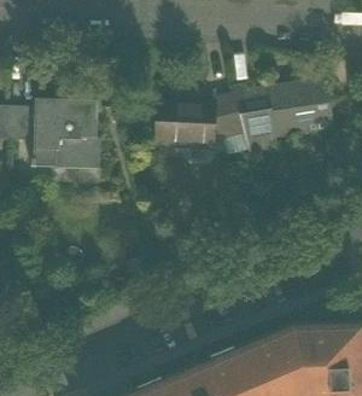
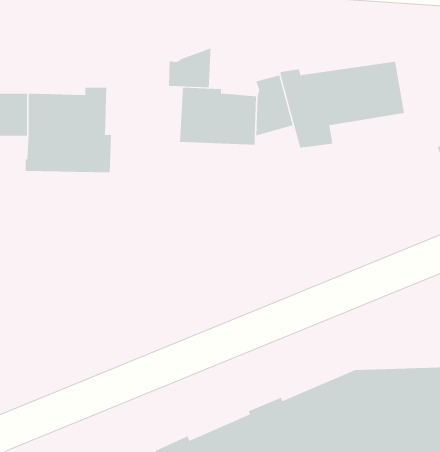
building: none -> [168,47,211,88]

